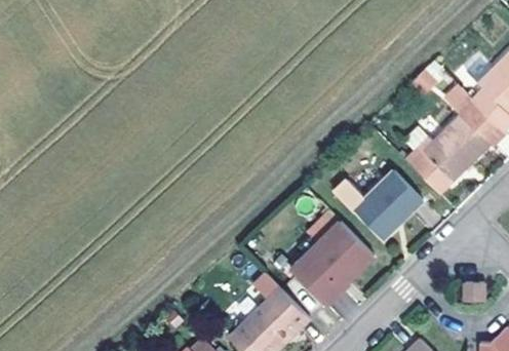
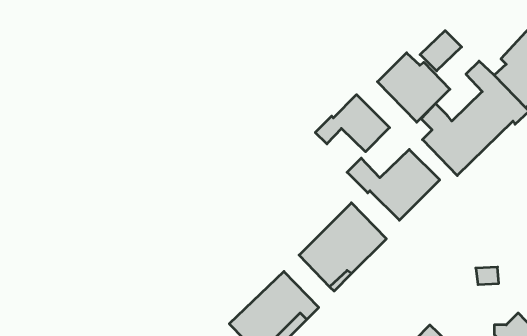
building: none -> [377,53,450,122]
building: none -> [315,95,390,152]

